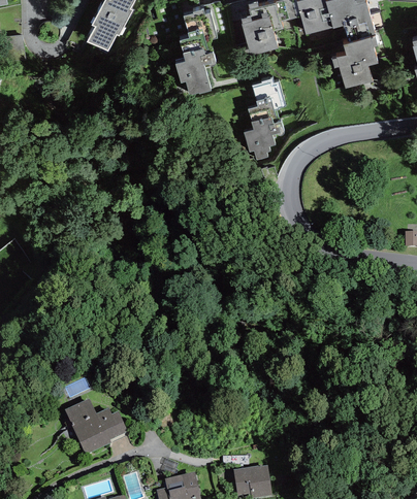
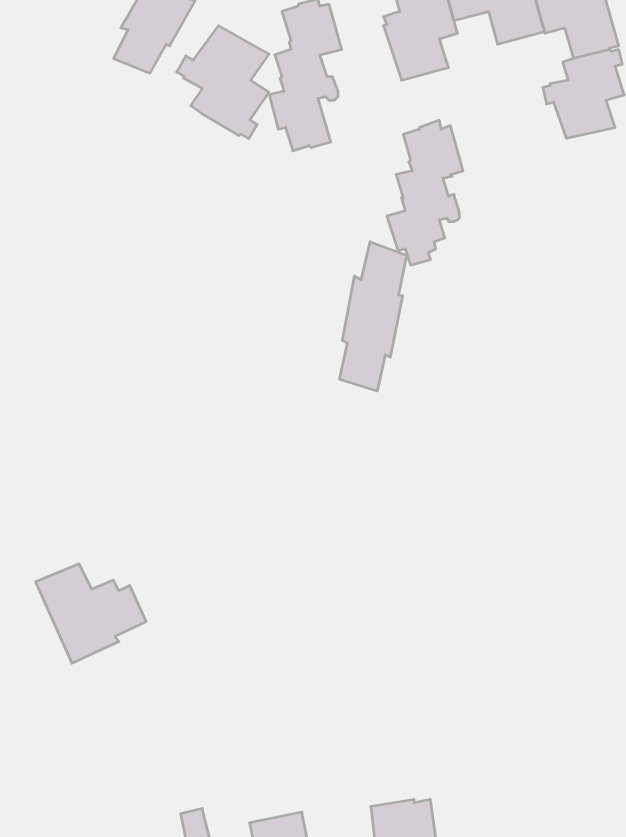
building: none -> [177,26,269,139]
building: none -> [340,242,406,391]
building: [64,398,127,455] -> [36,564,146,663]

